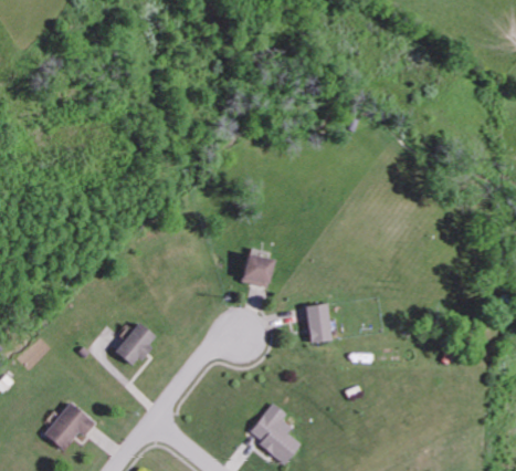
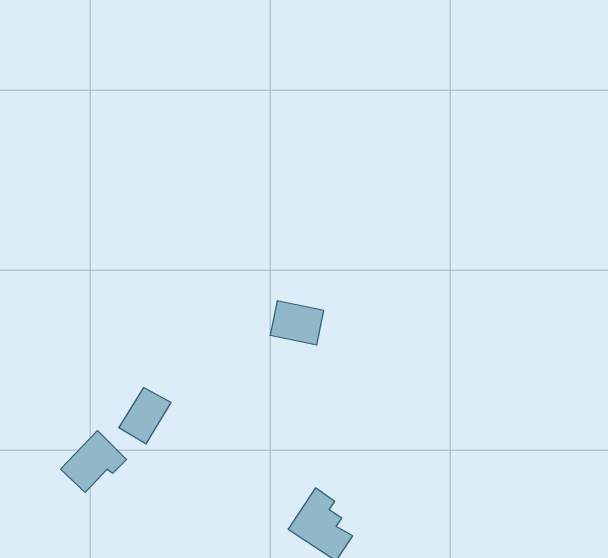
building: [304,302,333,343] -> none
building: [42,401,95,451] -> [61,431,127,492]

